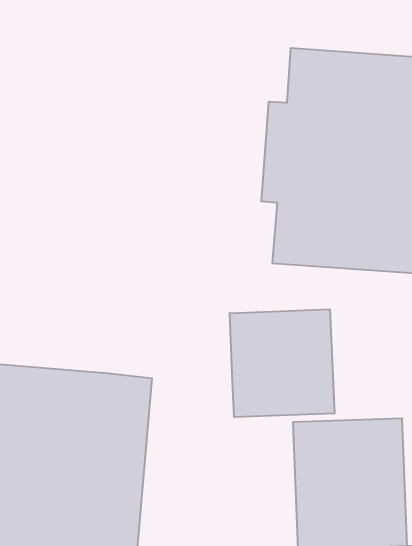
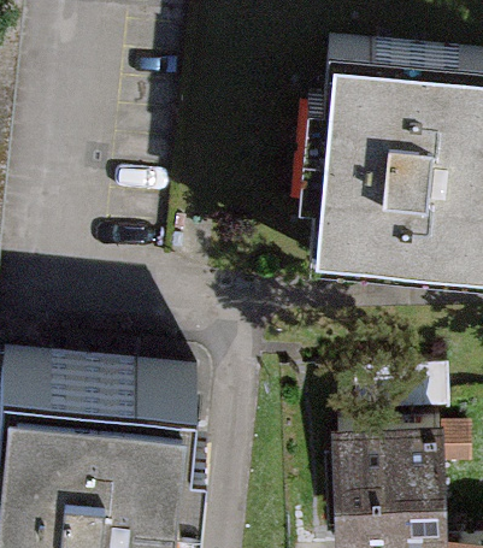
building: [230,309,334,417] -> none

